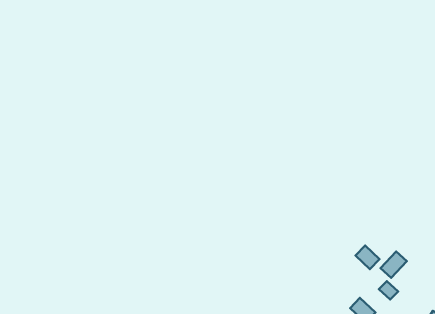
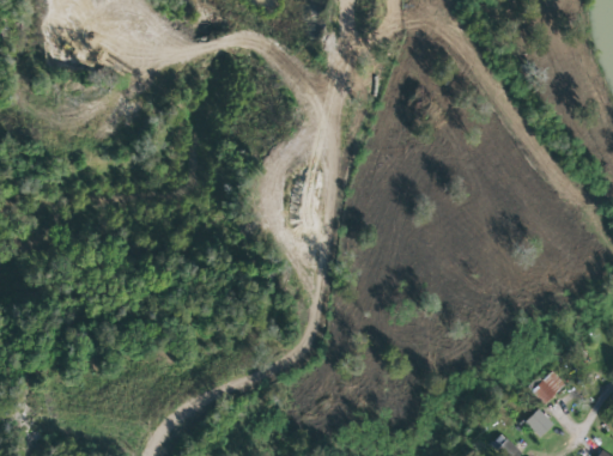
building: [355,246,380,269] -> none

